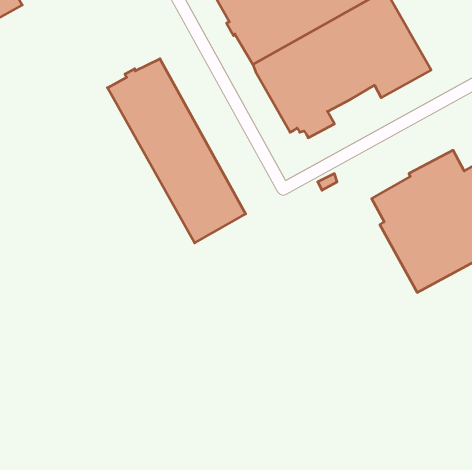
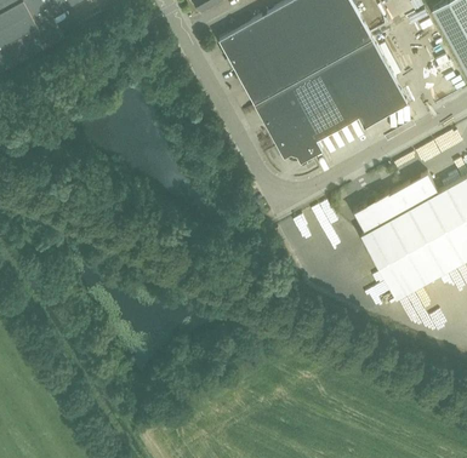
building: [107,59,246,243] -> none

